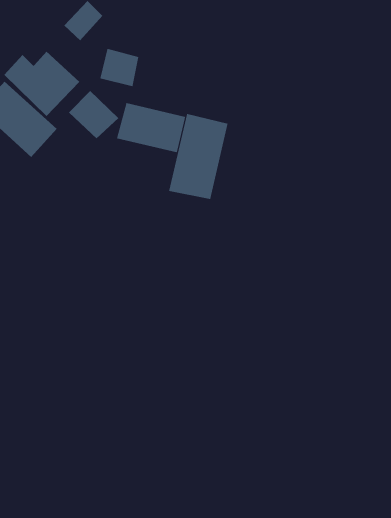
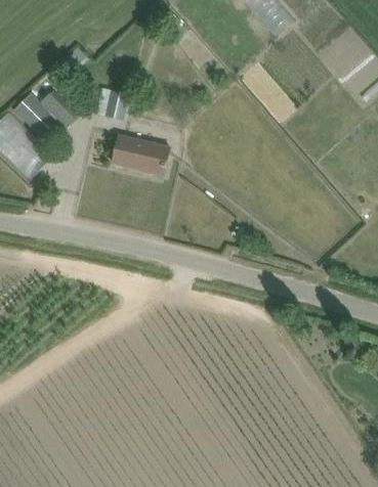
building: [68,90,119,139] -> none
building: [169,113,228,200] -> none

